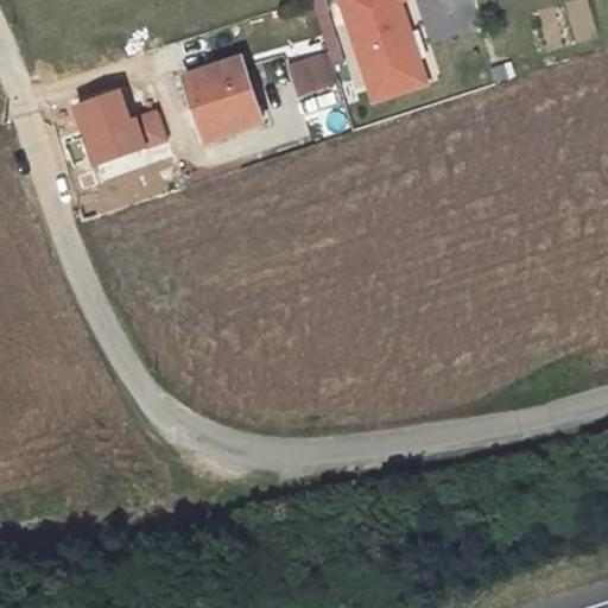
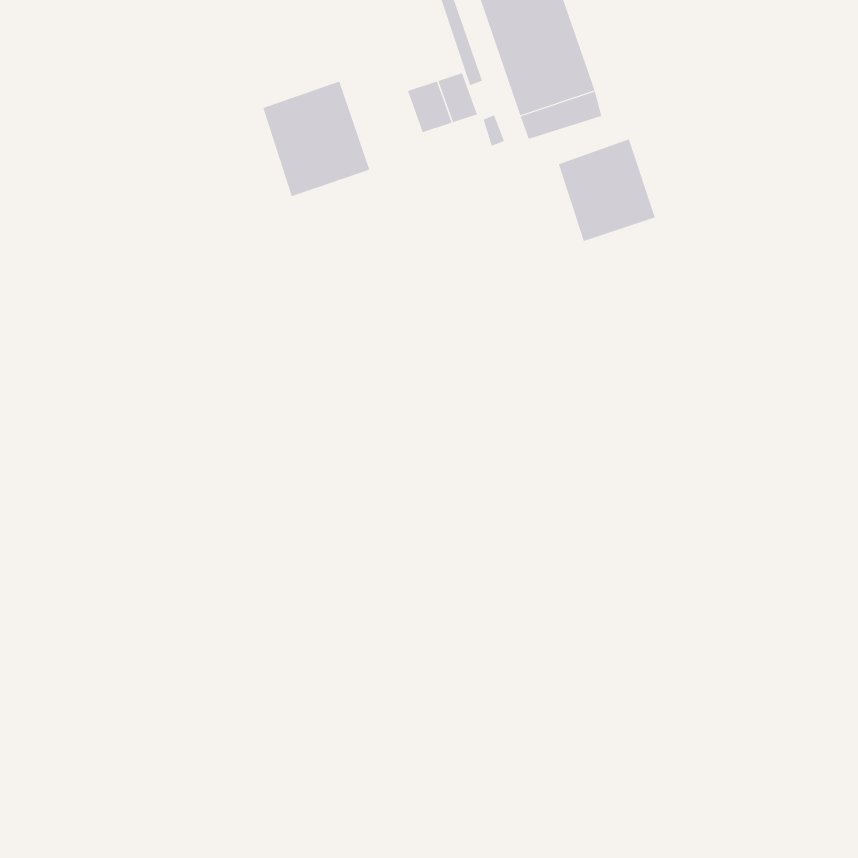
building: [72,90,165,164] -> none
building: none -> [558,138,656,242]

